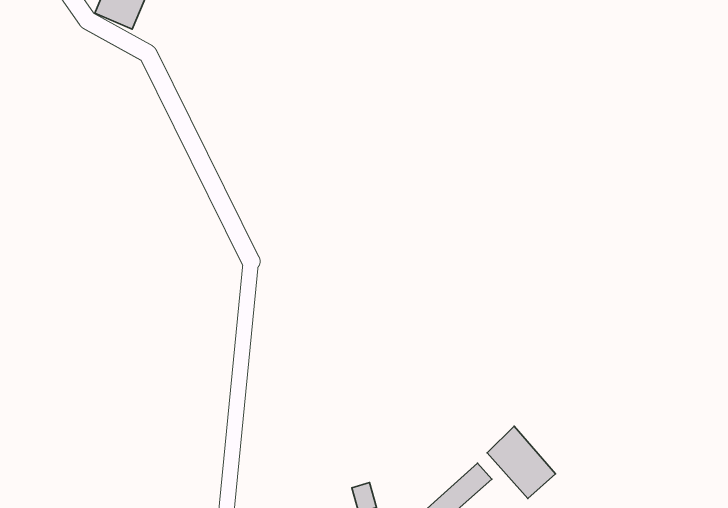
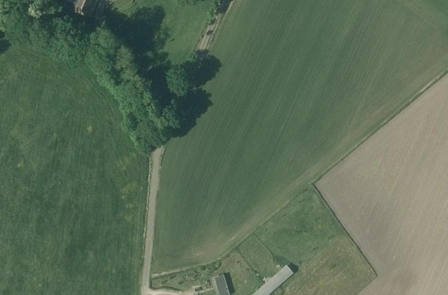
building: [487,426,555,498] -> none

